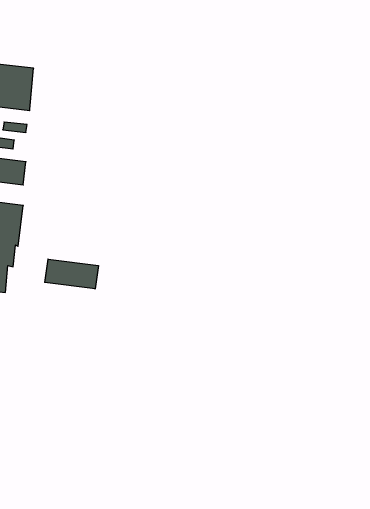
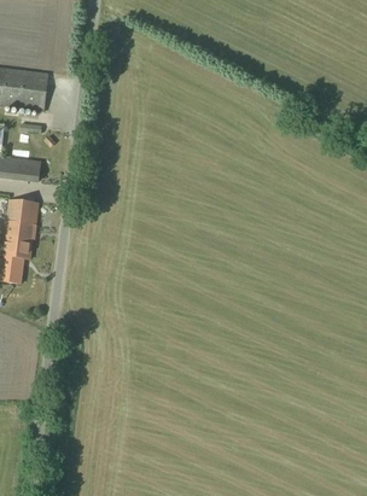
building: [45,259,98,289] -> none

